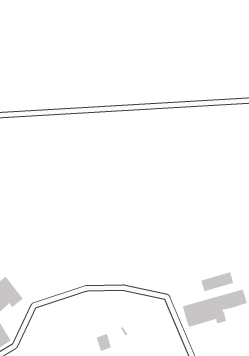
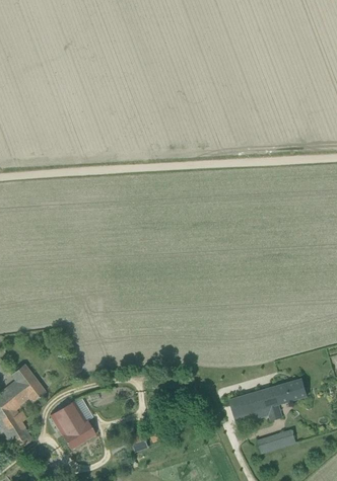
building: [200,271,234,292] -> [257,428,296,453]
building: none -> [50,400,95,449]

